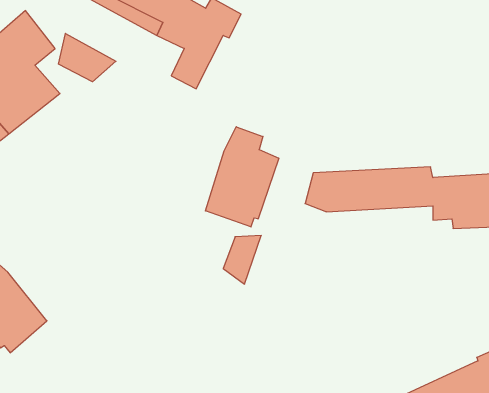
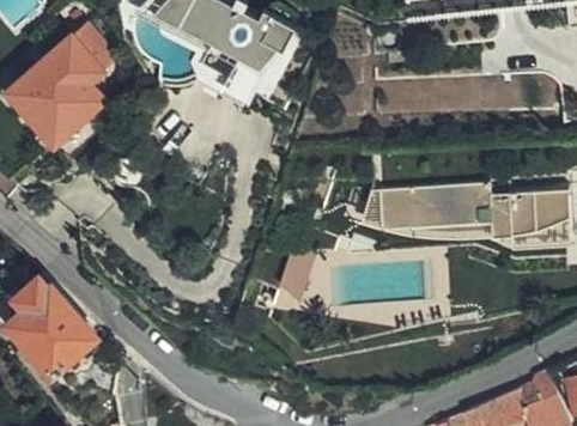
building: [58,33,116,82] -> none
building: [205,127,279,227] -> none

